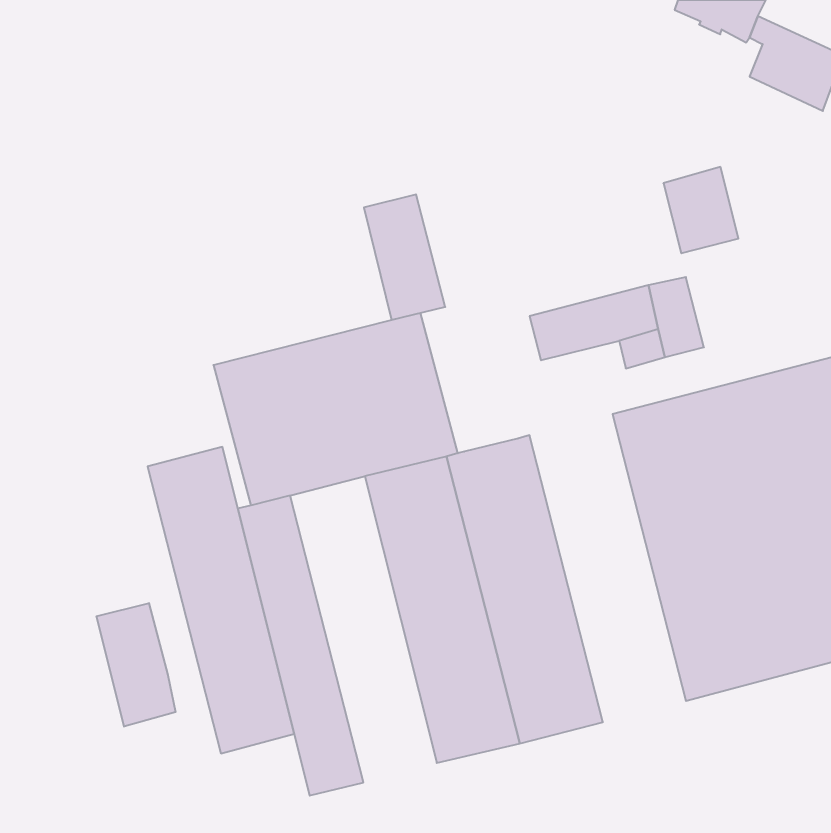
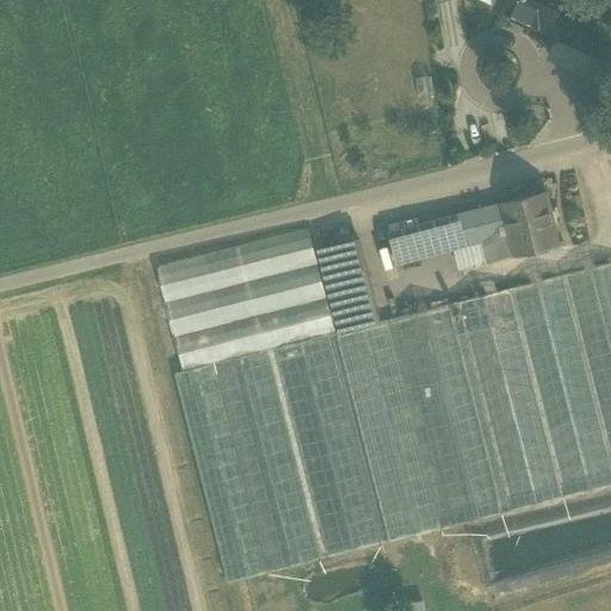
building: [663,167,738,253] -> [504,191,558,254]
building: [364,194,445,320] -> [321,239,381,331]
building: none -> [389,303,504,529]
building: [148,447,294,753] -> [214,348,321,573]
building: [96,603,176,727] -> none

